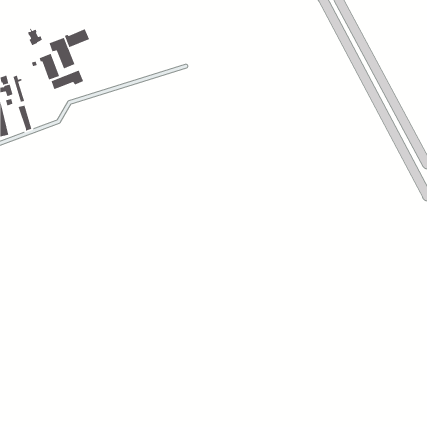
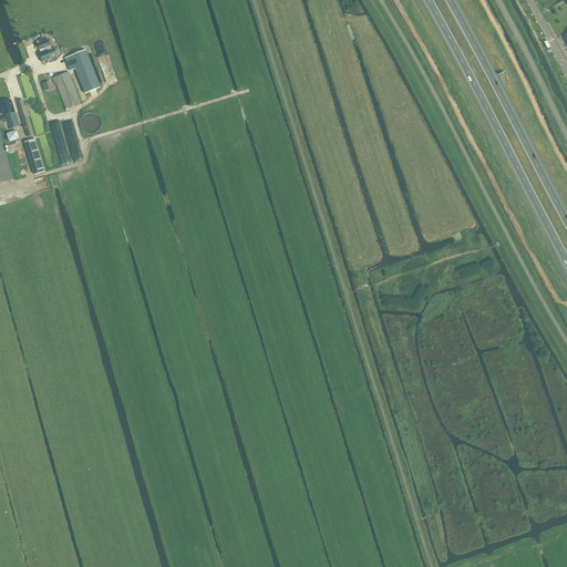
building: [64,28,90,48] -> none
building: [51,70,84,90] -> none

